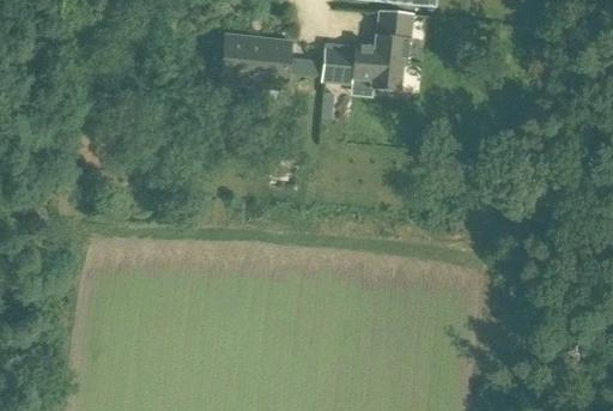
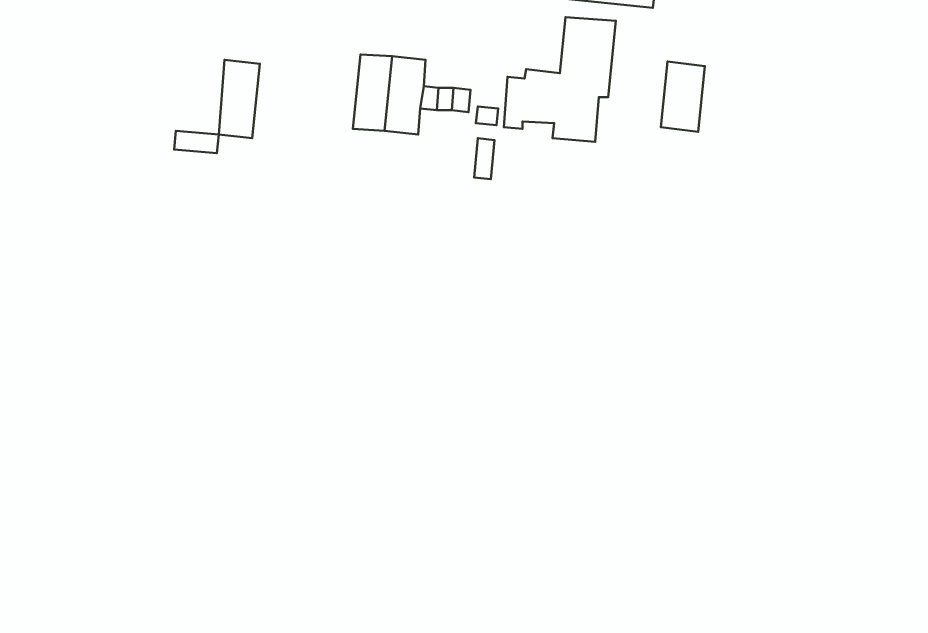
building: [219,35,245,85] -> [219,60,260,138]
building: none -> [661,61,705,132]

